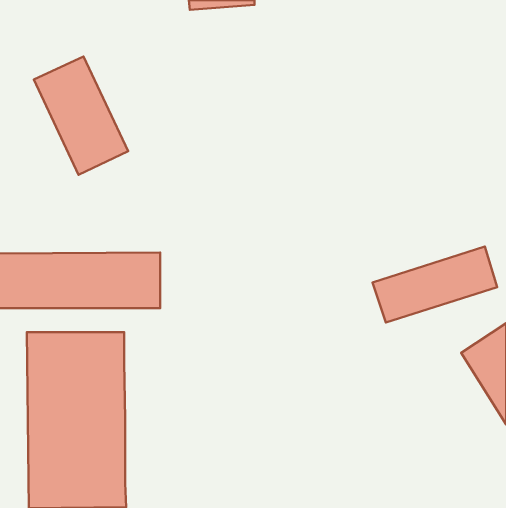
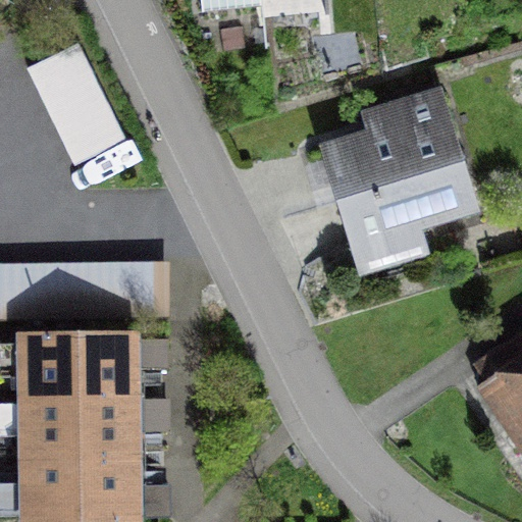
building: none -> [313,90,480,266]
building: [373,247,497,322] -> none

